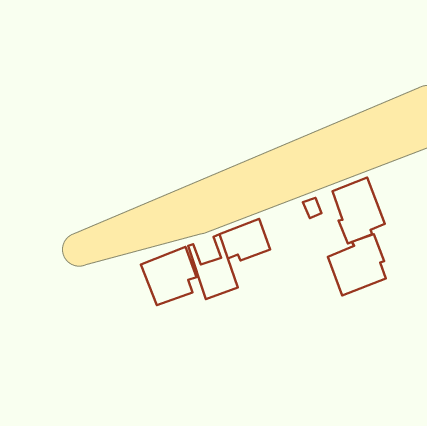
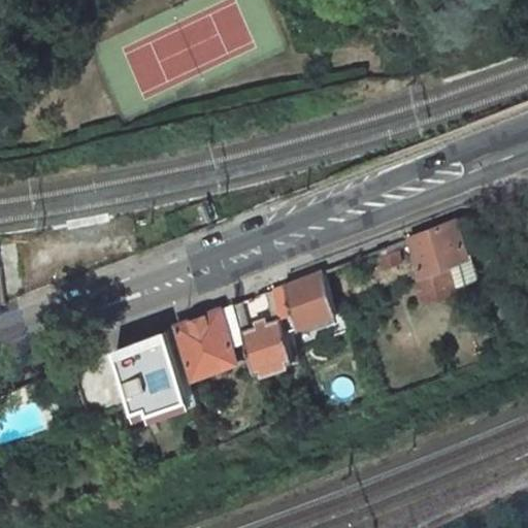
building: [328,234,386,295] -> none
building: none -> [109,334,189,426]

